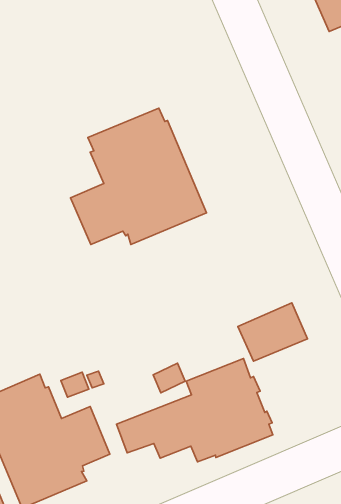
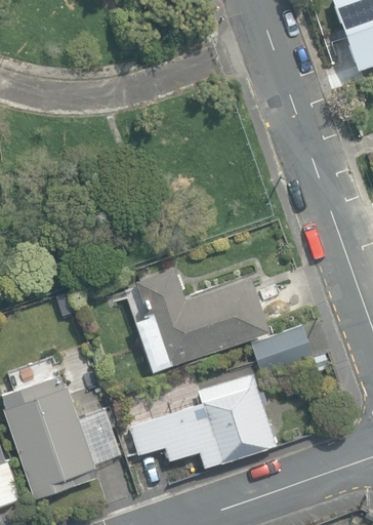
building: [70,108,206,245] -> none
building: none -> [133,269,267,373]

